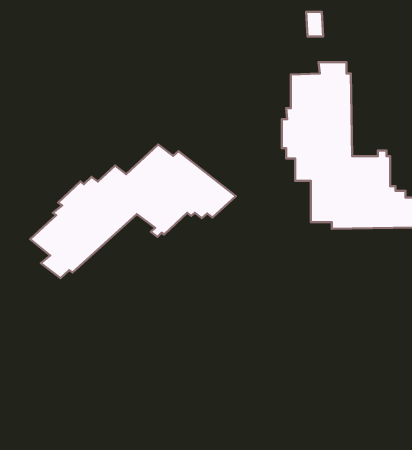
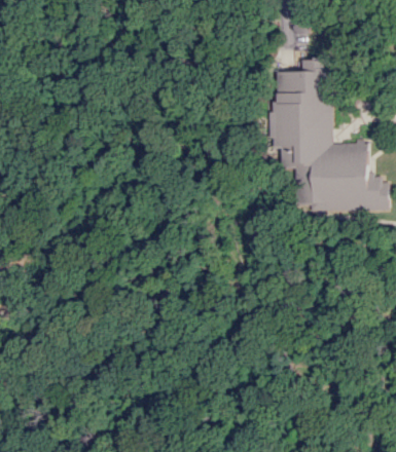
building: [30,145,236,278] -> none

